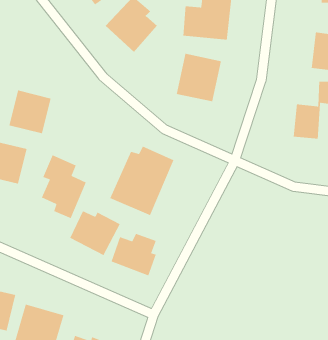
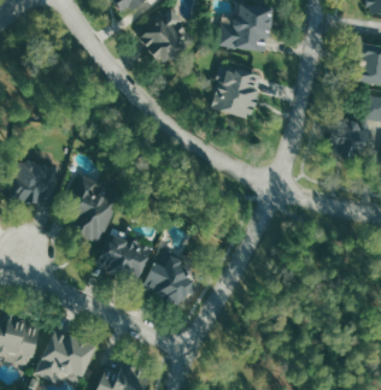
building: [8,90,52,134] -> none
building: [109,145,175,216] -> none

